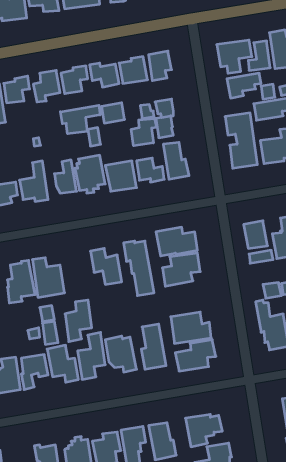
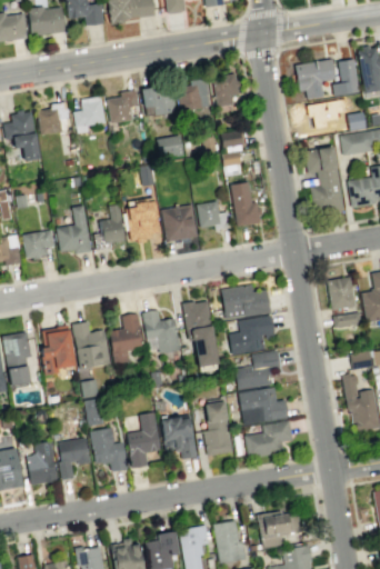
building: [60,105,100,134] -> none
building: [131,118,156,146] -> none
building: none -> [234,350,281,390]
building: [65,300,92,342] -> [110,315,142,365]

